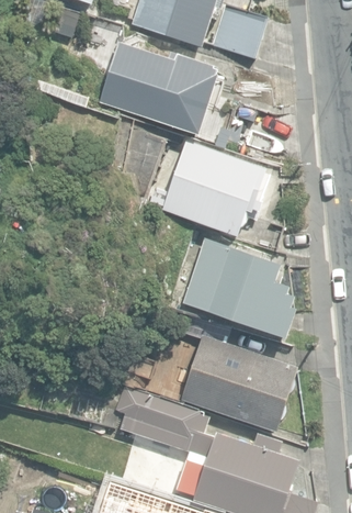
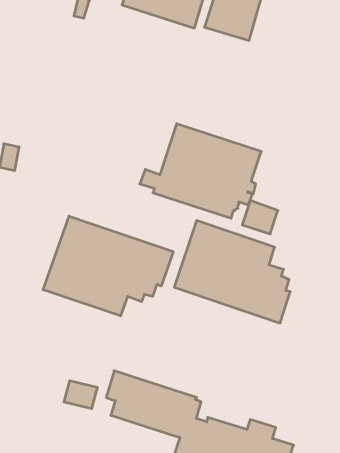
building: [99,42,220,135] -> none
building: none -> [43,216,173,316]
building: [180,334,297,432] -> none

